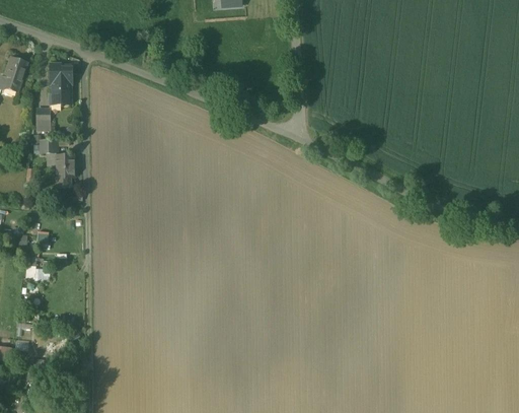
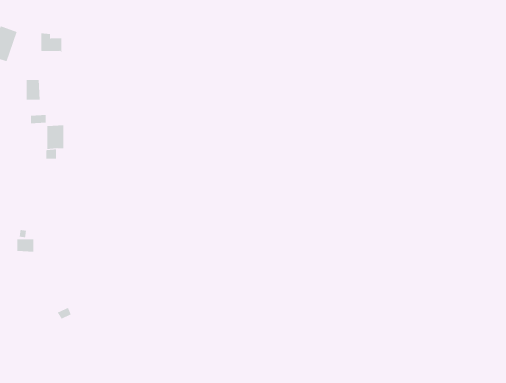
building: [49,81,70,104] -> none

